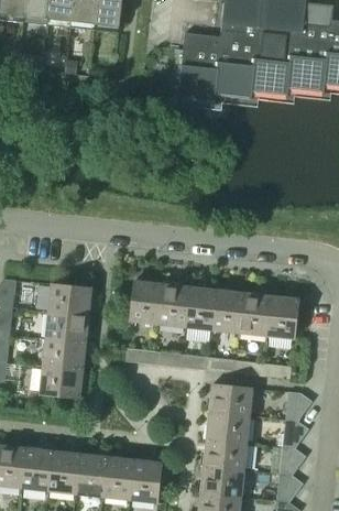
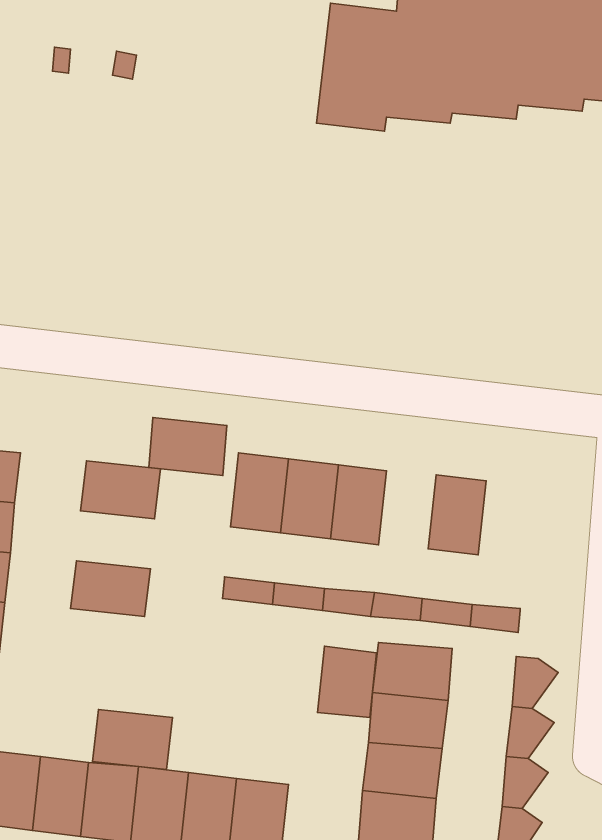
building: [211,290,243,333] -> none
building: [266,295,298,339] -> none
building: [45,312,88,344] -> [149,418,227,476]
building: [39,366,83,399] -> [92,710,172,769]
building: none -> [317,646,376,717]

